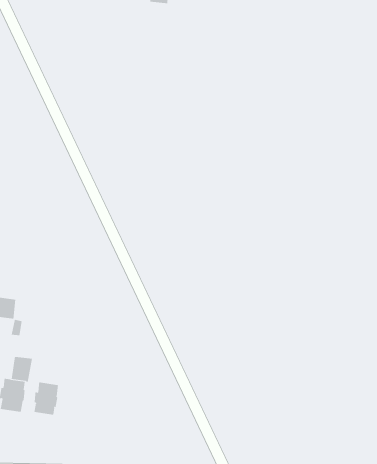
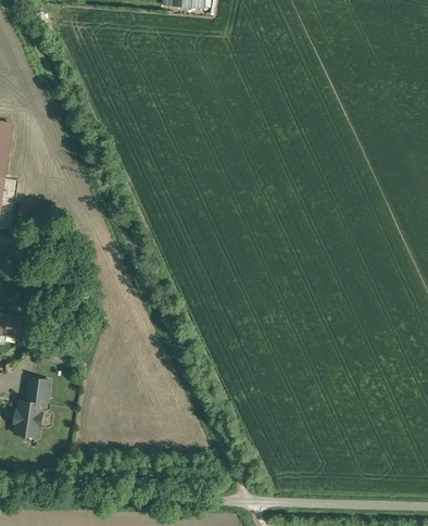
building: [34,382,59,416] -> none

